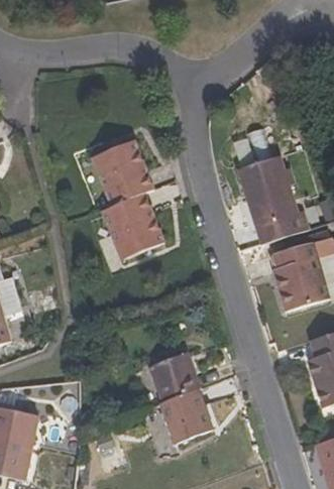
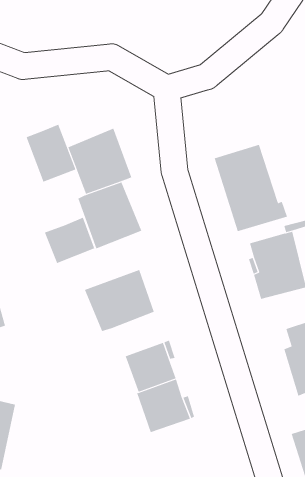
building: none -> [26,124,76,183]
building: none -> [44,217,96,264]
building: none -> [84,269,154,332]

